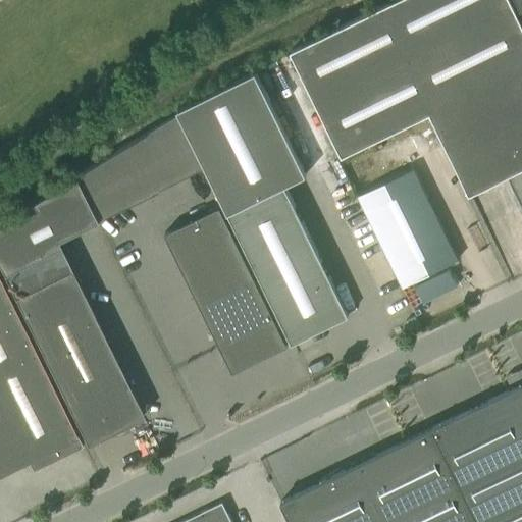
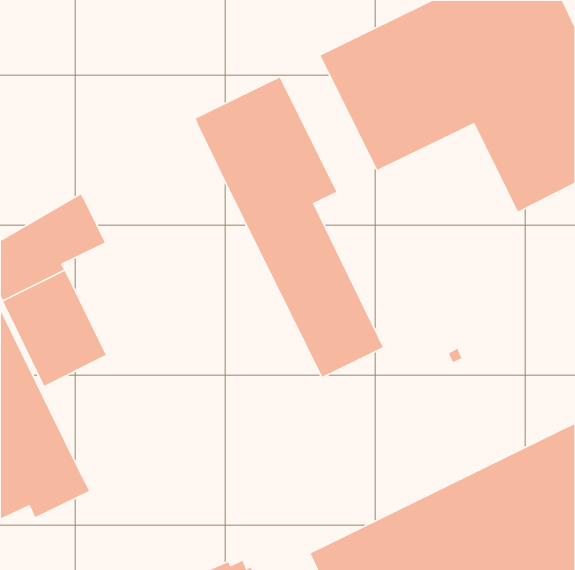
building: [73,116,205,224] -> none
building: [358,171,458,306] -> none
building: [165,209,289,375] -> none
building: [40,326,143,448] -> none

